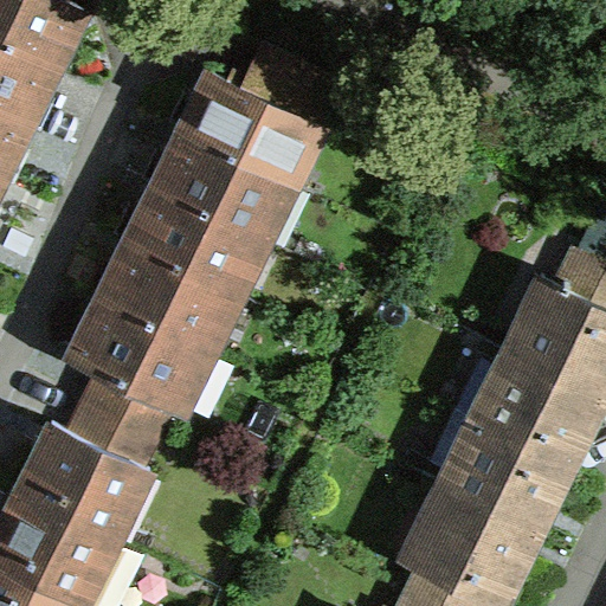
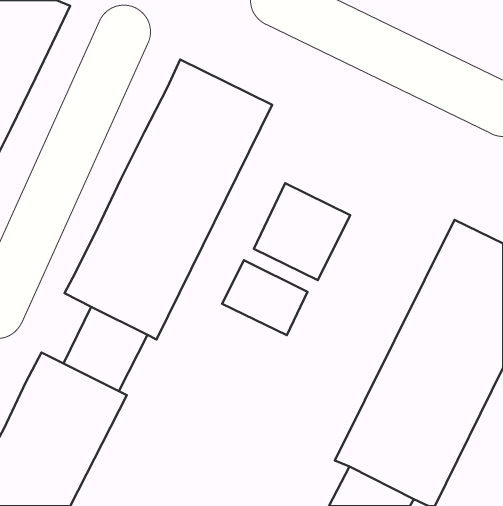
building: none -> [254,183,350,280]
building: none -> [222,260,308,335]

